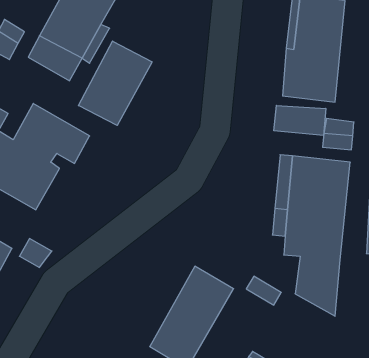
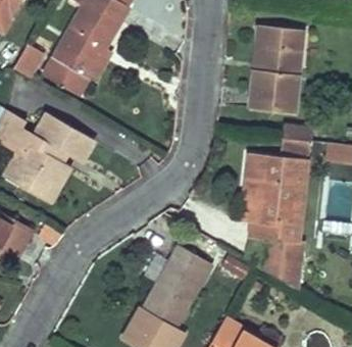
building: [78,41,152,125] -> none
building: [274,105,326,136] -> none

